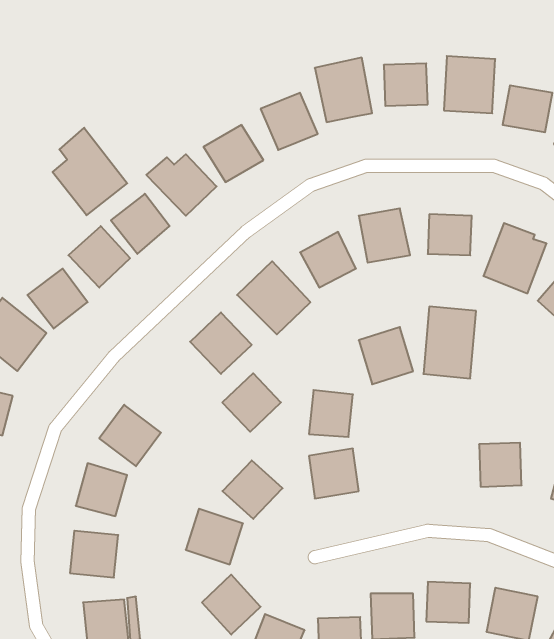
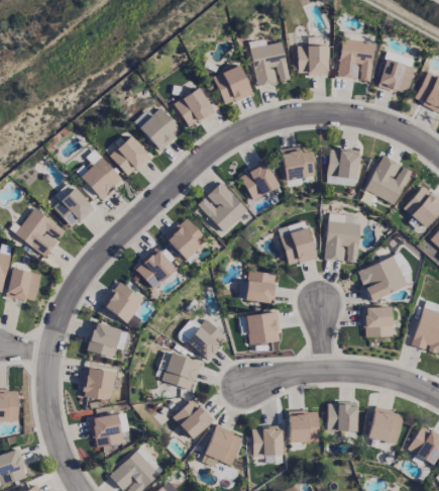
building: [53,128,127,215] -> none
building: none -> [358,254,411,300]
building: [222,373,281,432] -> [135,249,176,289]

